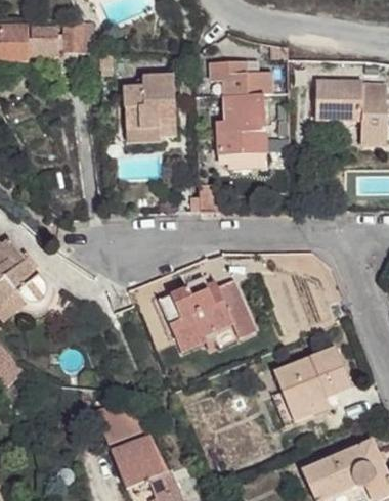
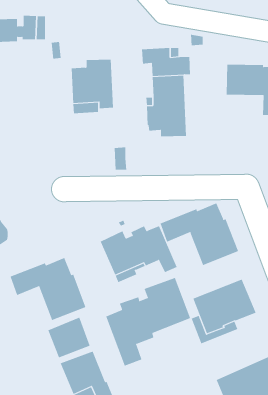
building: none -> [160,202,239,266]
building: none -> [10,257,86,321]
building: none -> [105,277,191,367]

